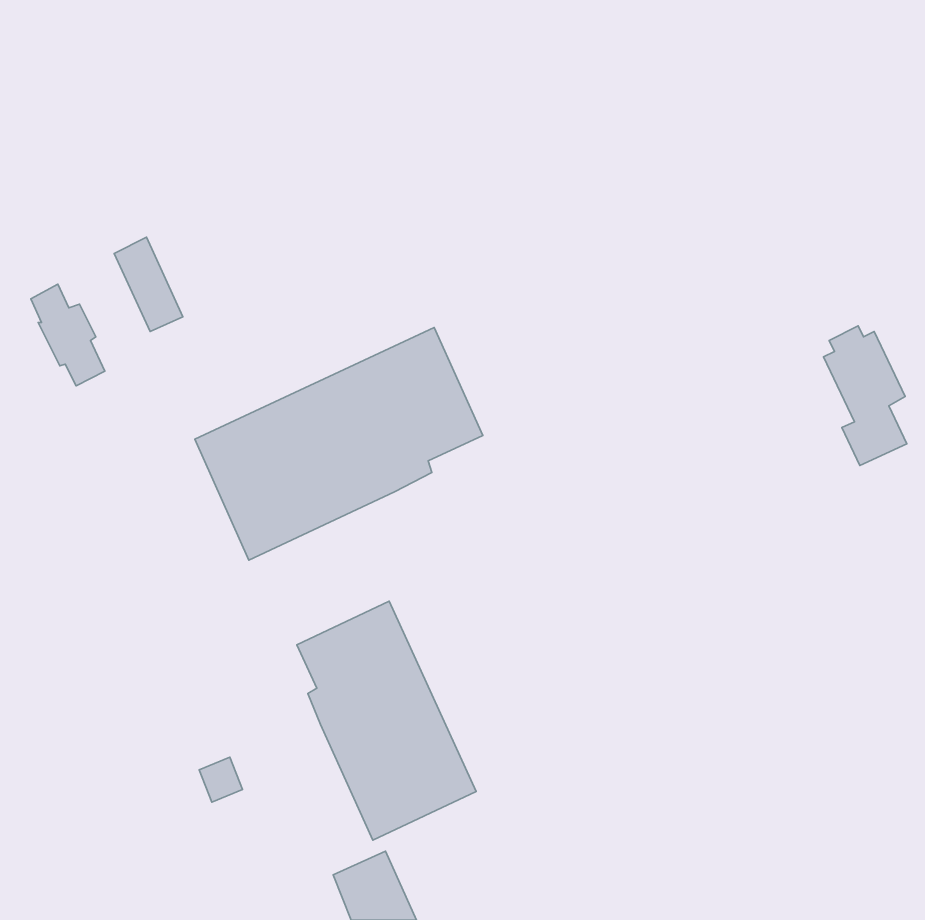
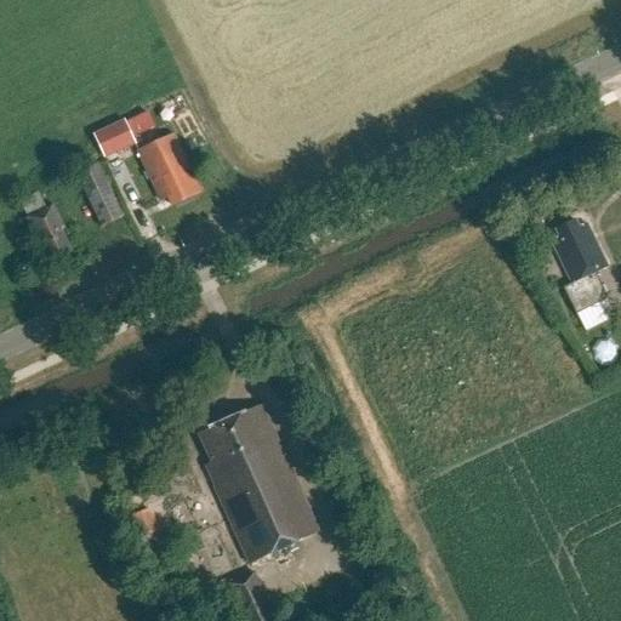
building: none -> [93,116,136,154]
building: none -> [138,133,201,204]
building: [195,328,483,560] -> none

